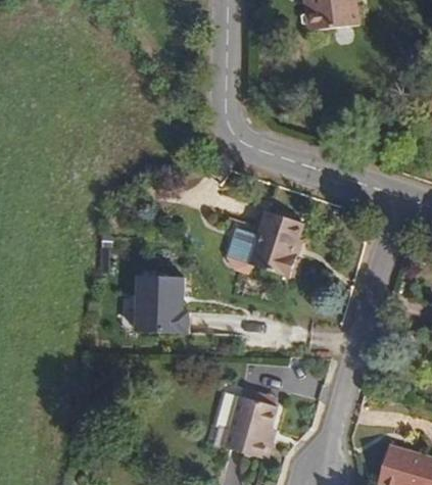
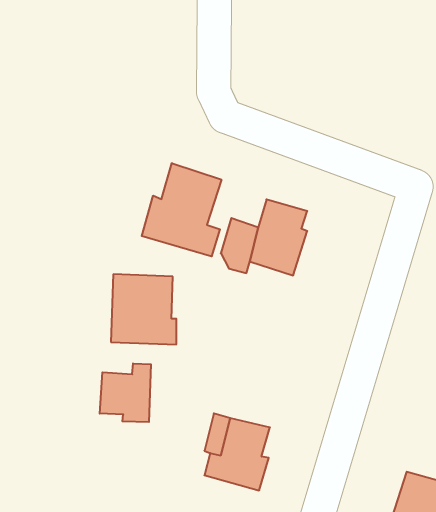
building: none -> [142,163,221,256]
building: none -> [100,363,151,422]

